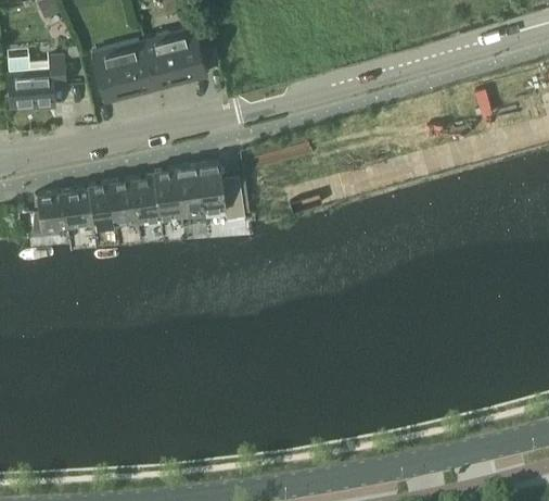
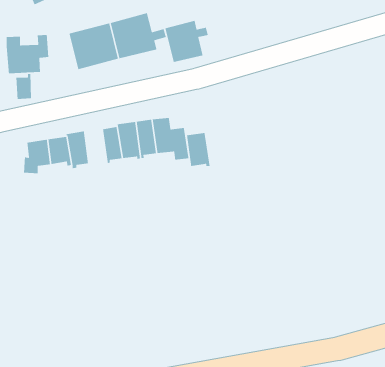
building: none -> [164,20,209,63]
building: none -> [15,73,32,100]
building: [111,178,140,224] -> none
building: none -> [186,132,211,167]

